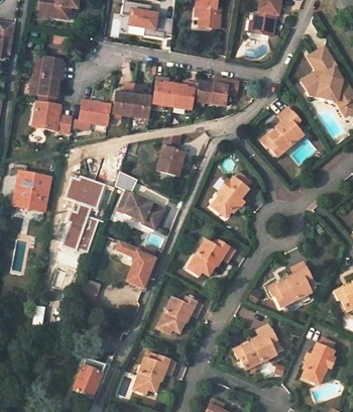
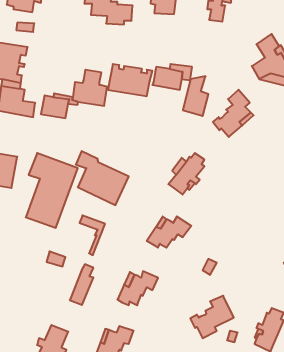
building: [157,132,185,175] -> [183,76,208,116]
building: [131,243,156,287] -> [70,264,93,305]
building: [268,265,315,308] -> none

